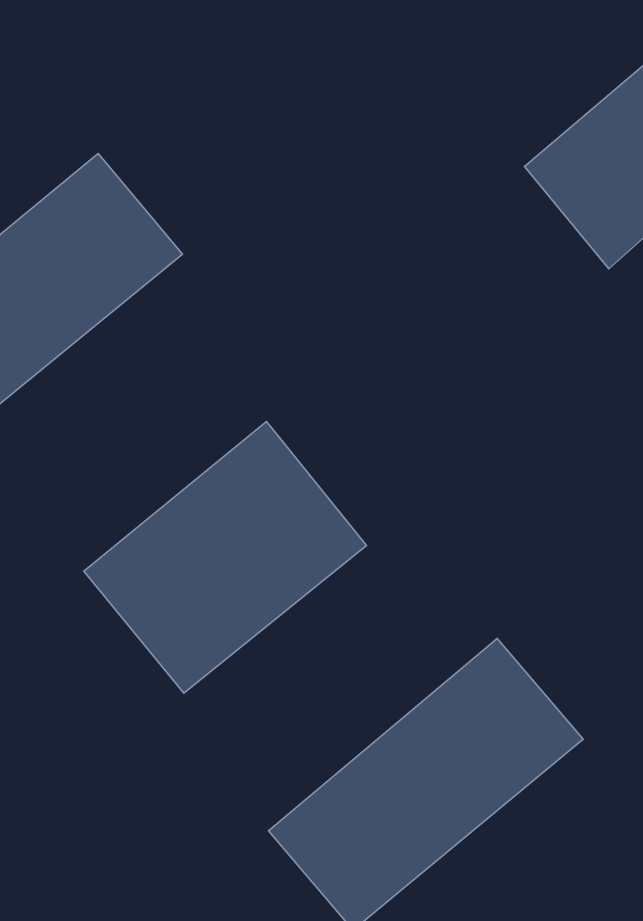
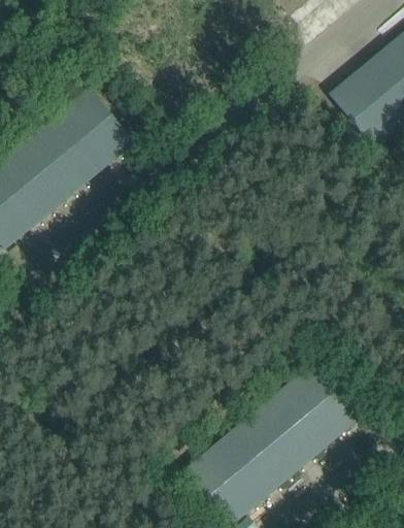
building: [84,422,367,693] -> none

